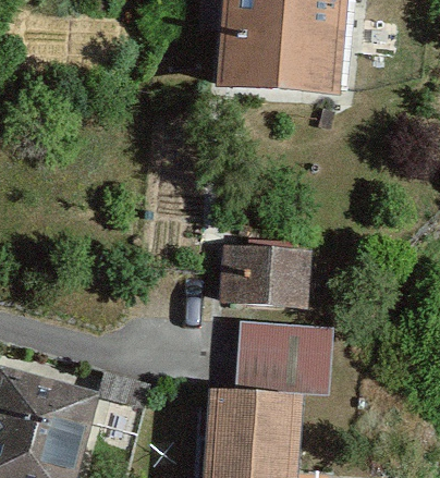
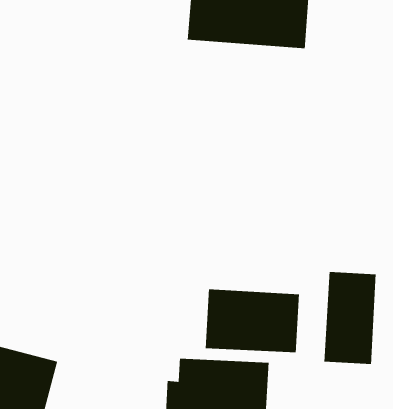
building: [222,248,309,303] -> none
building: none -> [323,271,376,365]

